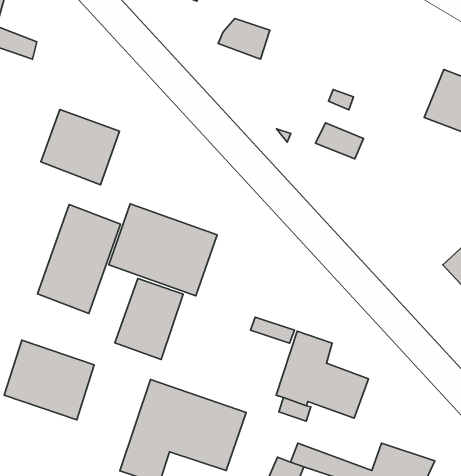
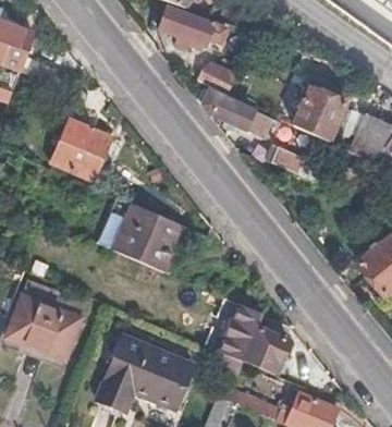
building: none -> [291,74,351,137]
building: none -> [200,87,275,137]
building: [38,205,120,314] -> none
building: [115,278,183,360] -> none

